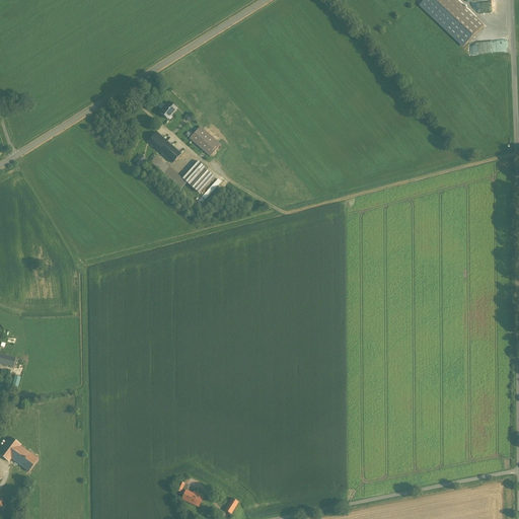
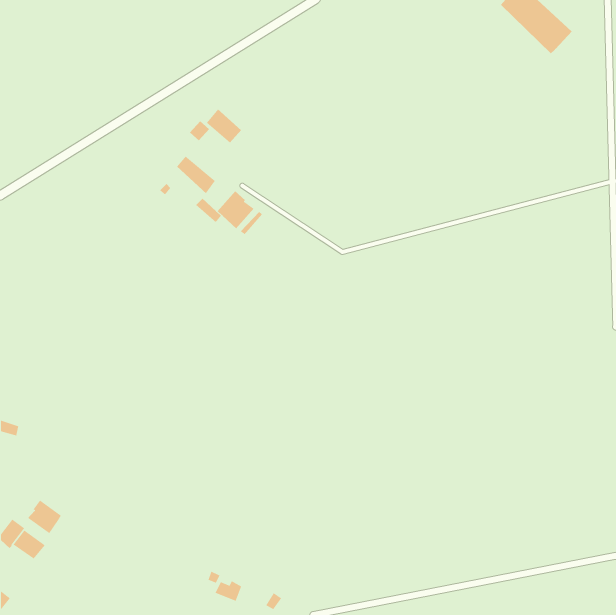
building: [190,126,220,155] -> [206,109,242,143]
building: none -> [27,500,62,534]

